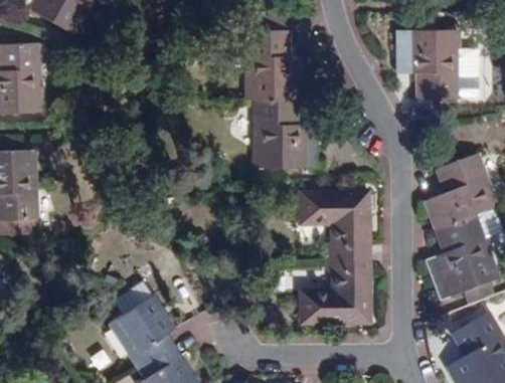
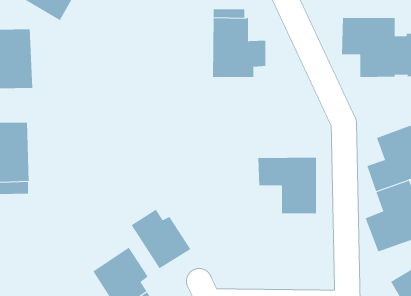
building: [256,100,318,168] -> none
building: none -> [131,209,191,269]
building: [302,256,368,324] -> none

